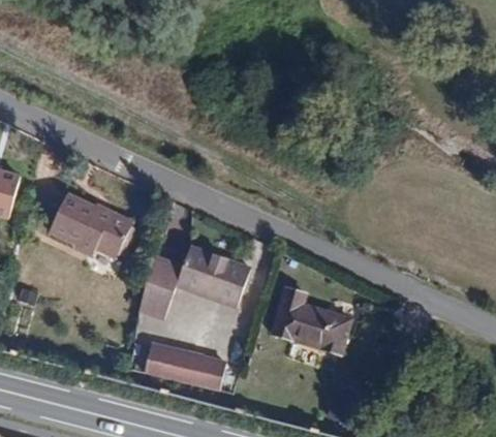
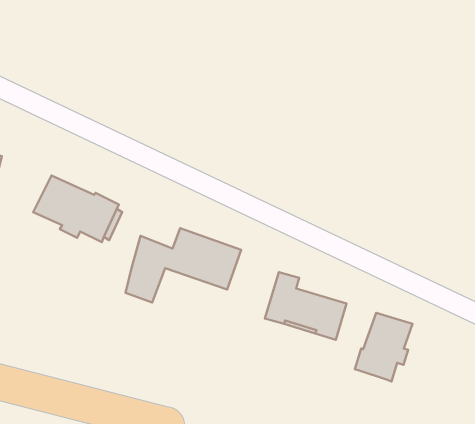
building: none -> [355,313,413,382]
building: [138,343,225,389] -> none

